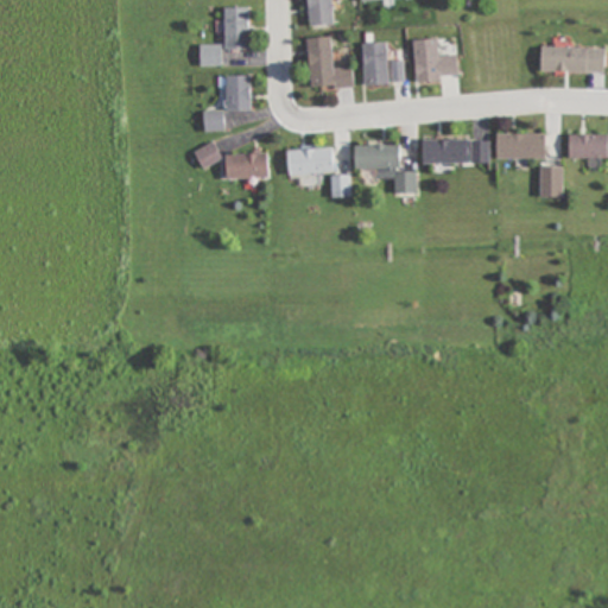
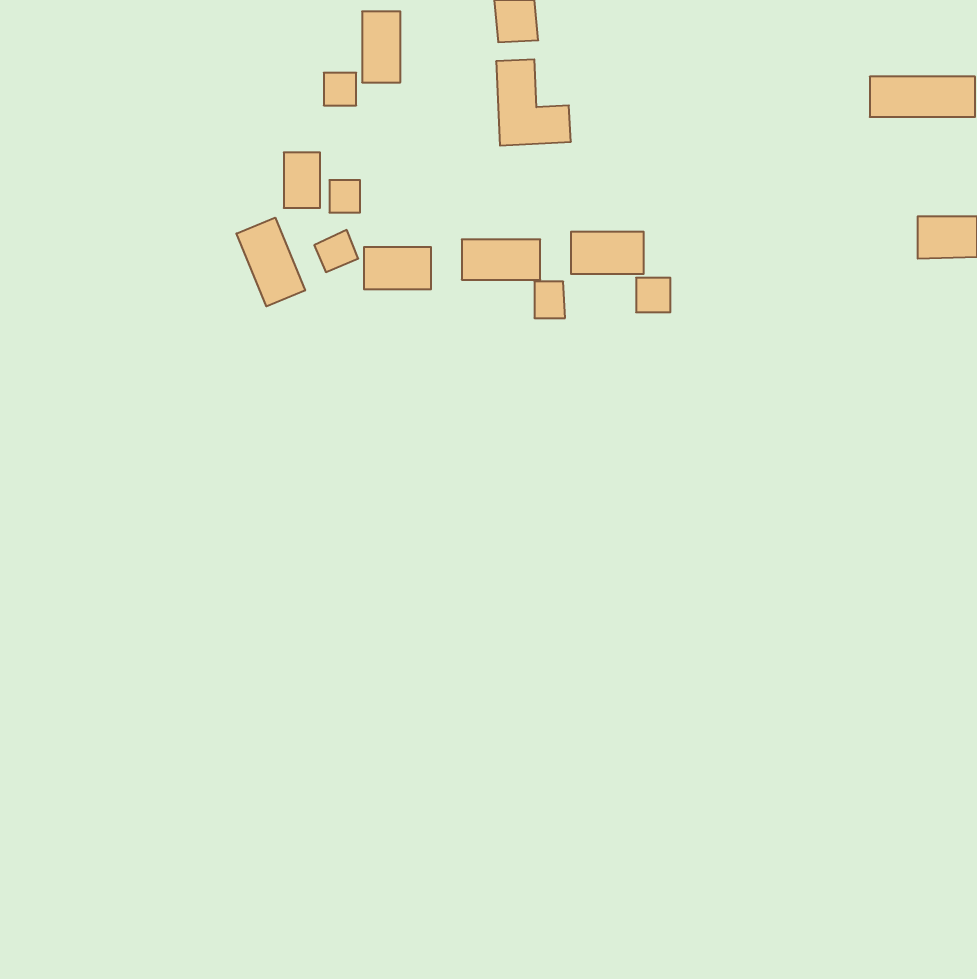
building: [412,39,458,82] -> none
building: [362,42,403,84] -> none
building: [227,76,249,110] -> [284,152,320,208]
building: [496,134,545,159] -> none
building: none -> [236,218,305,306]
building: [423,140,489,165] -> none
building: [539,166,563,197] -> none

